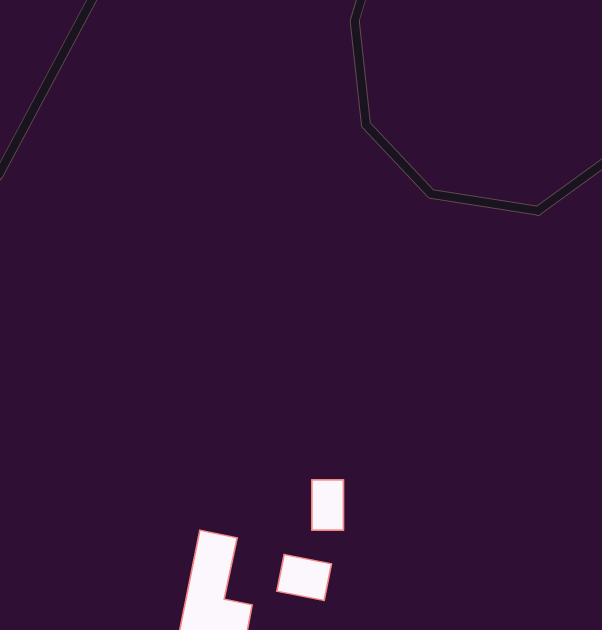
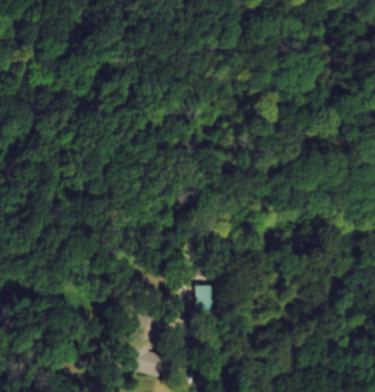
building: [277,554,331,601] -> none

